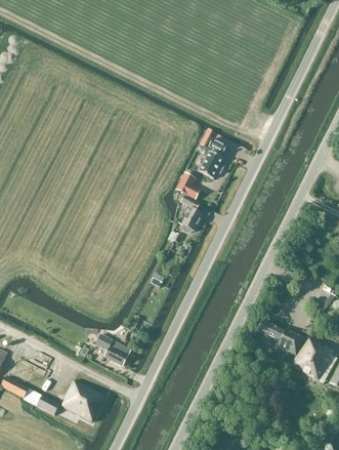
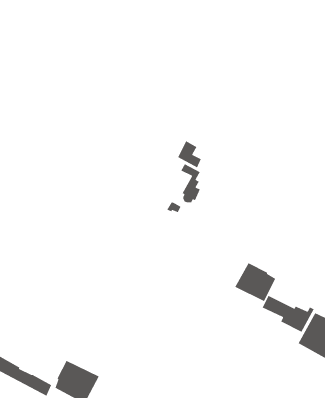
building: [199,137,227,178] -> none
building: none -> [234,262,276,302]
building: [95,334,131,366] -> none

